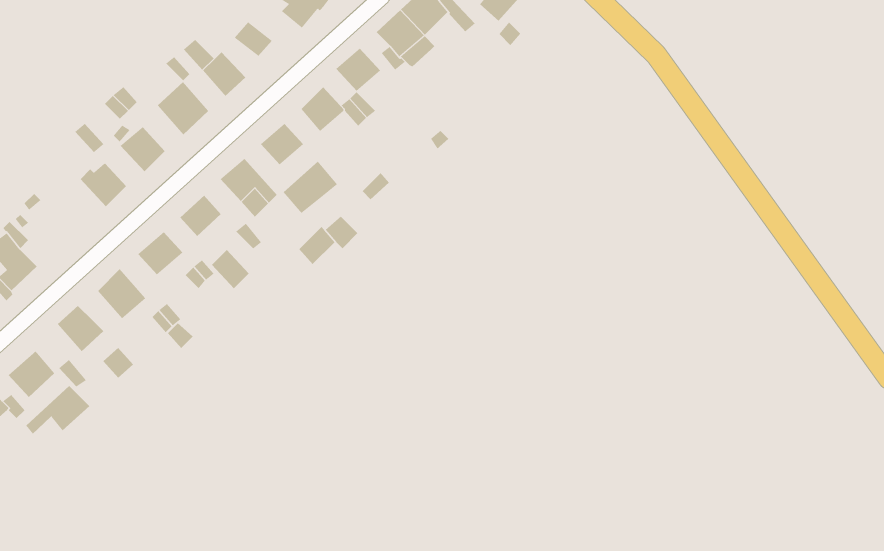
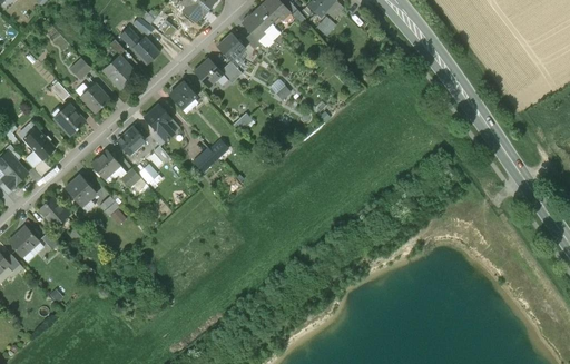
building: [283,161,338,214] -> none
building: none -> [23,127,56,159]
building: [26,385,90,434] -> none

